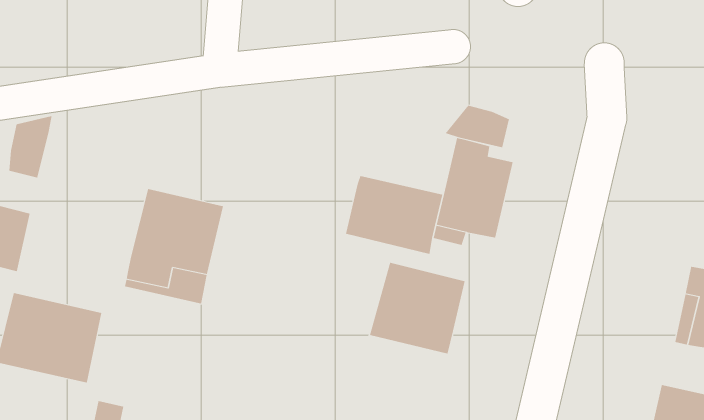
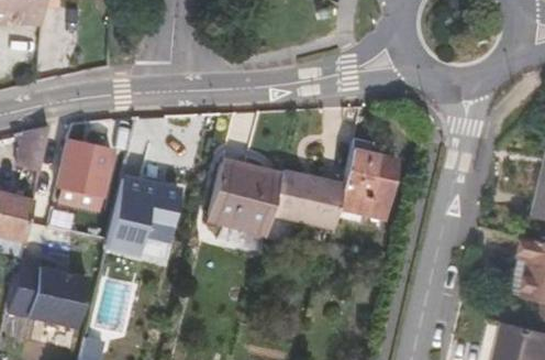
building: [445,105,509,148] -> none
building: none -> [57,140,114,209]
building: [369,262,466,354] -> [207,162,279,231]

